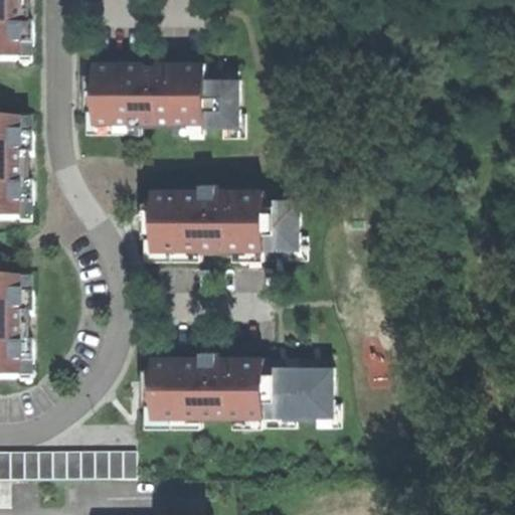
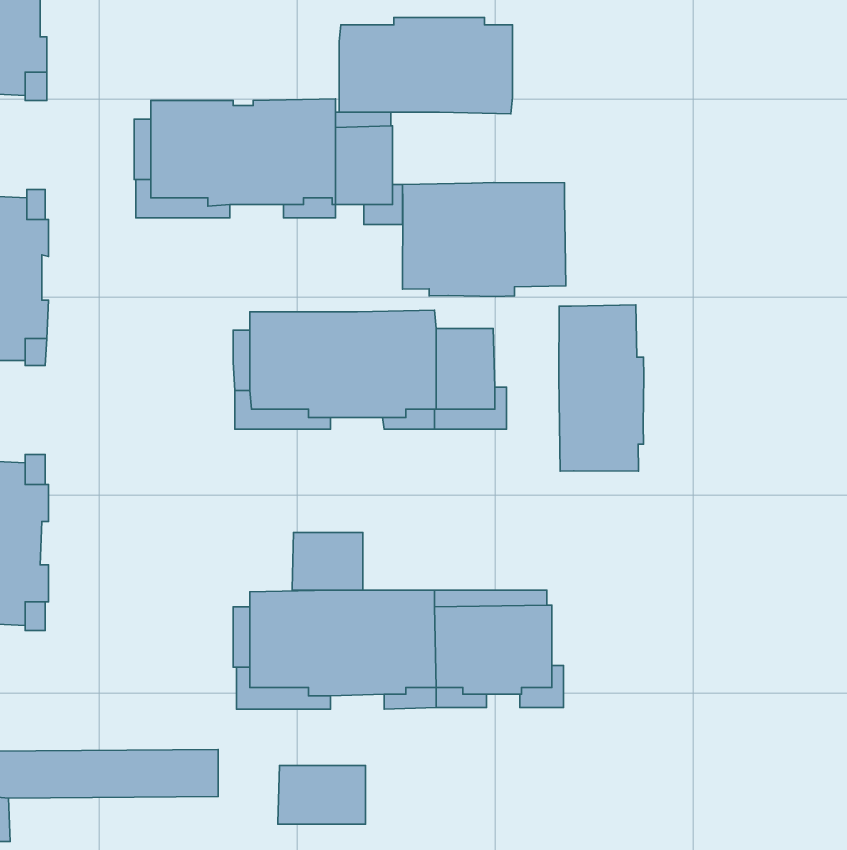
building: none -> [339,17,513,114]
building: none -> [403,183,566,296]
building: none -> [559,305,644,471]
building: none -> [292,533,363,590]
building: none -> [278,765,365,824]

